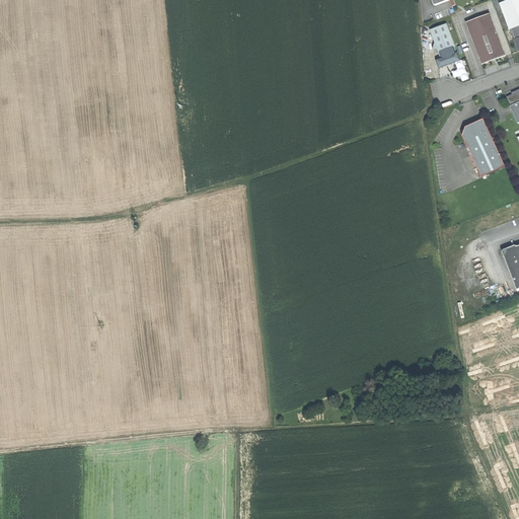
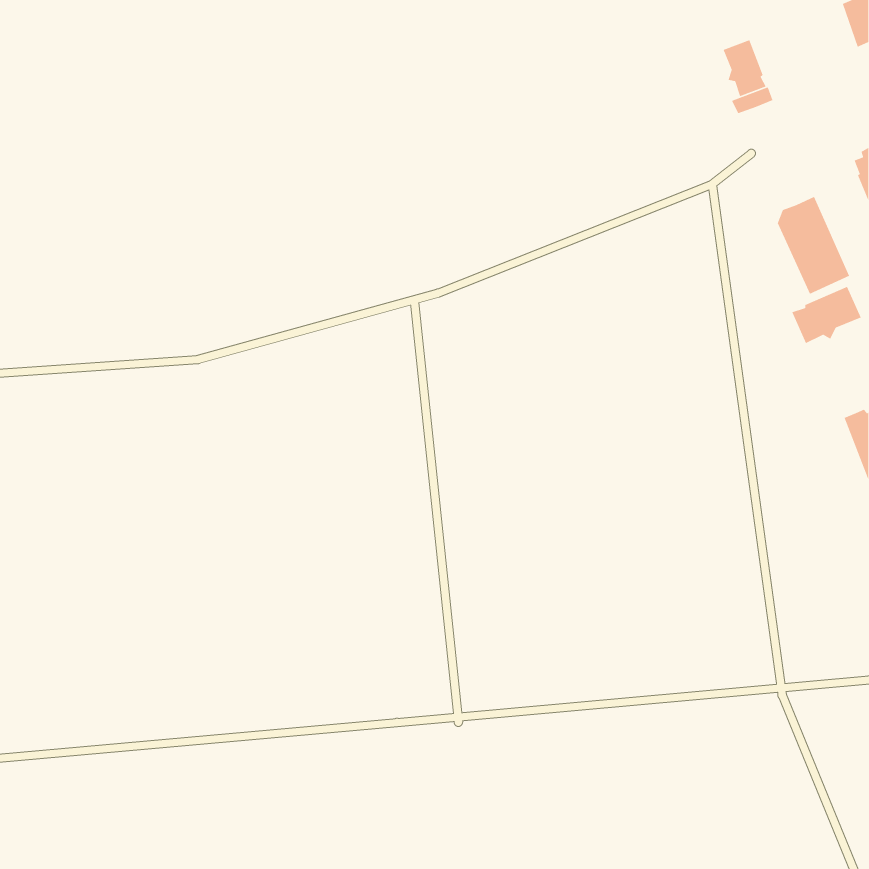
building: [466,13,505,63] -> none
building: none -> [791,286,862,344]

